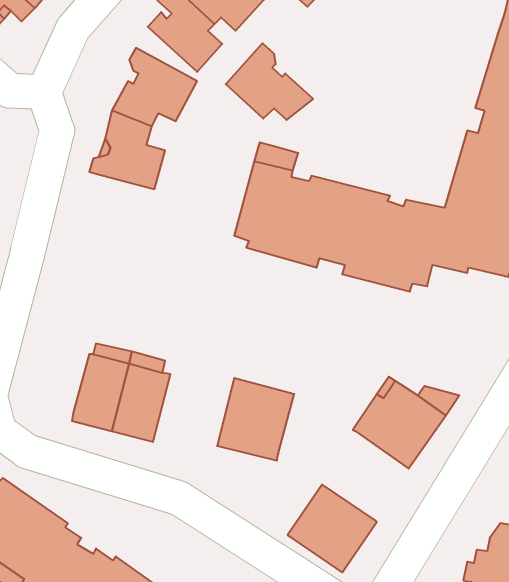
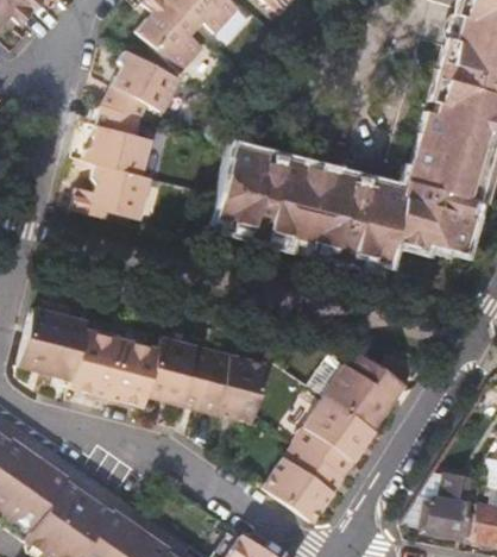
building: [226,43,313,120] -> none
building: none -> [71,163,152,221]
building: none -> [17,303,86,375]
building: none -> [144,331,214,405]
building: none -> [291,392,371,471]

